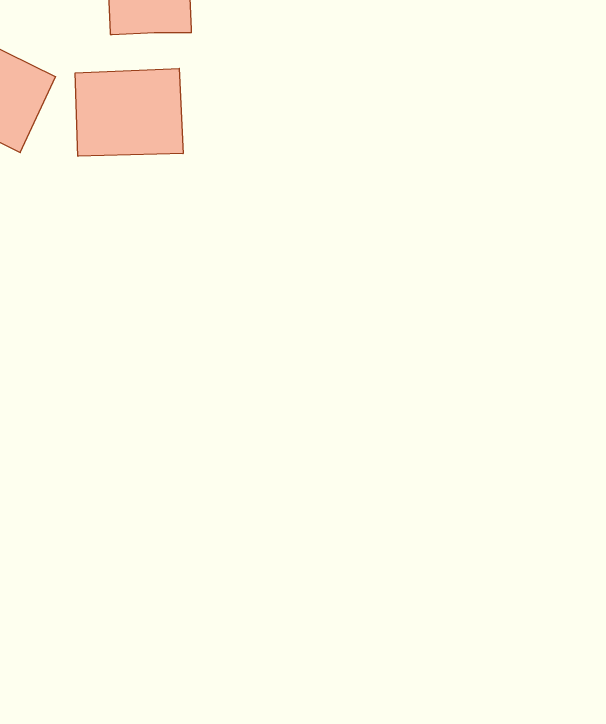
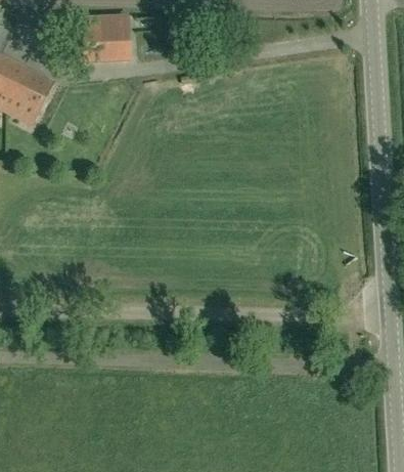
building: [75,68,183,156] -> none

